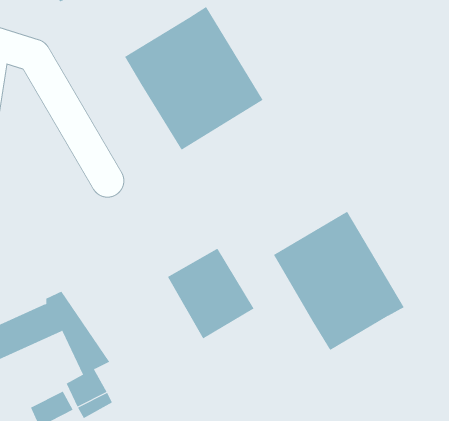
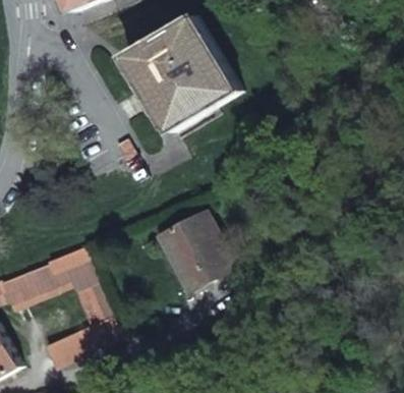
building: [273,211,404,351] -> none

